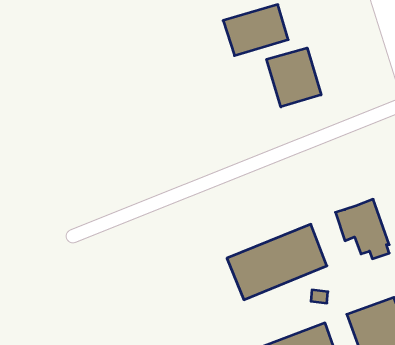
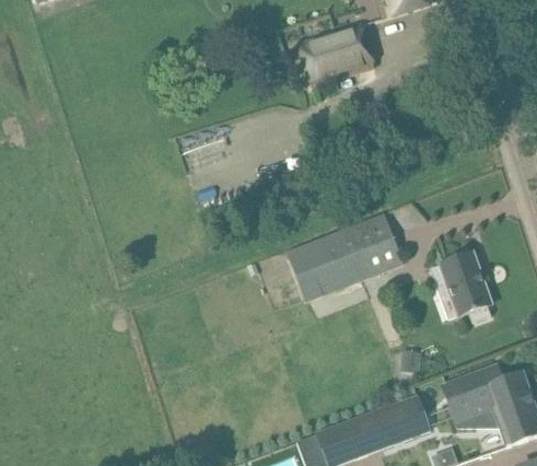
building: [267,48,321,107] -> none
building: [227,224,327,300] -> [287,215,402,303]

